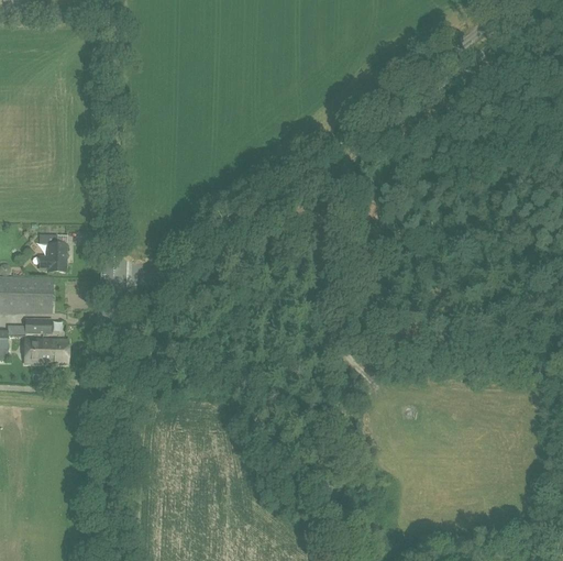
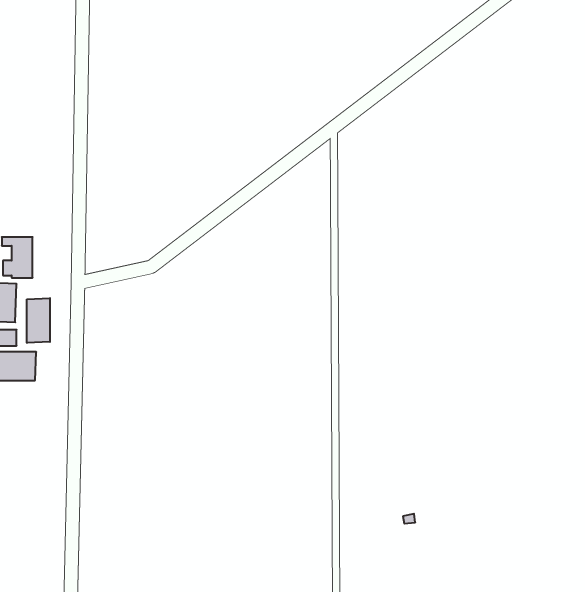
building: none -> [27,298,50,343]

